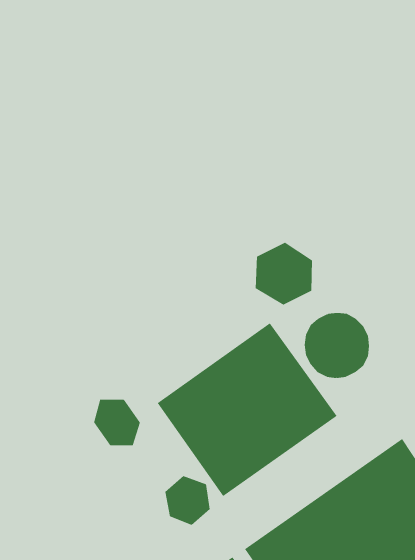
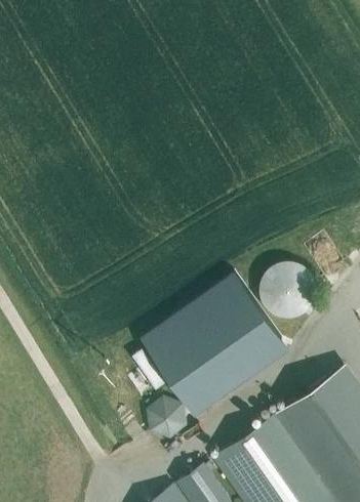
building: [255,242,313,305] -> none
building: [94,399,141,446] -> none

